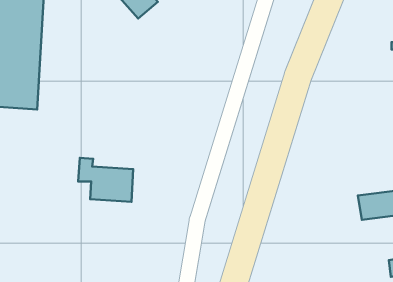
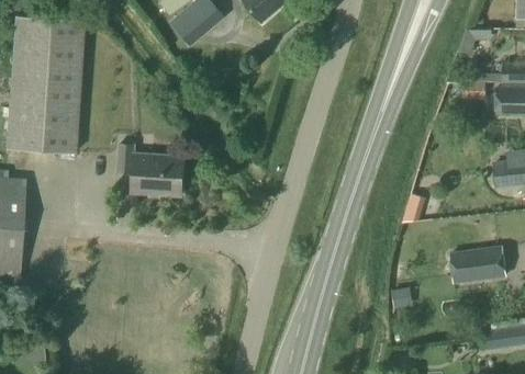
building: [78,158,133,202] -> [119,144,183,195]

